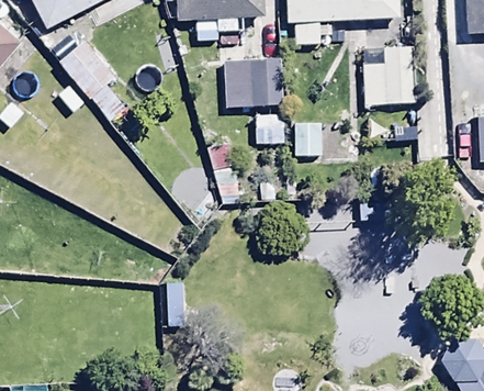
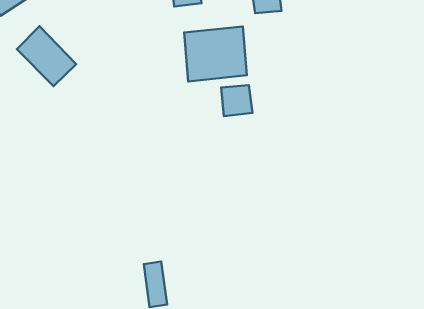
building: [364,47,413,103] -> none

